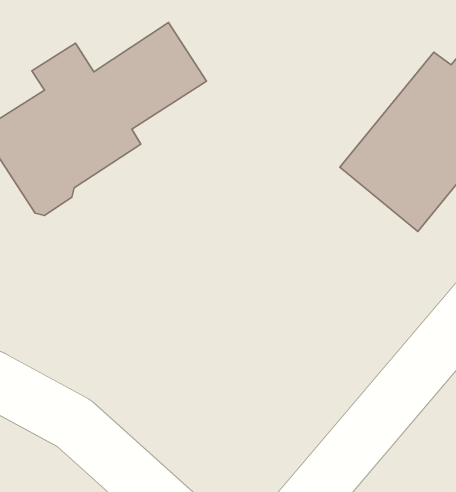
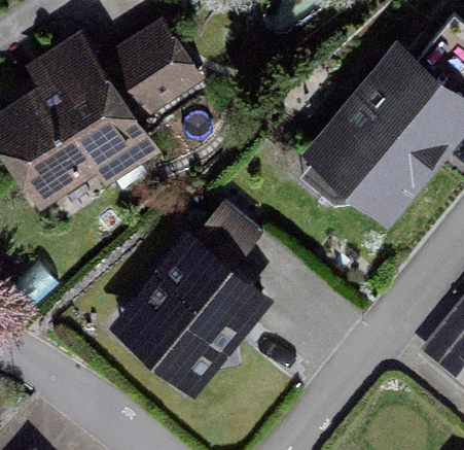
building: none -> [124,237,258,382]

